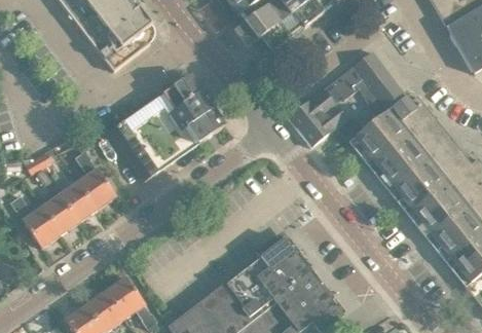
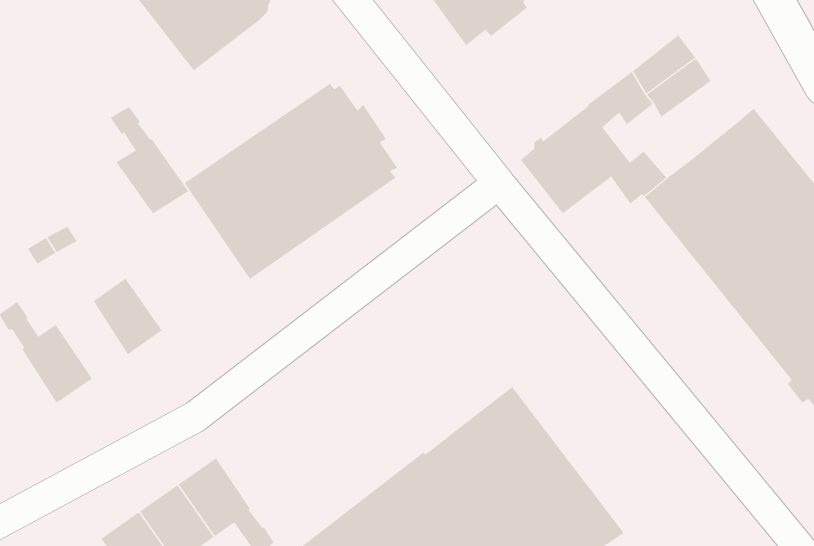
building: [363,76,405,119] -> none
building: [75,151,117,209] -> [110,106,189,214]
building: [41,193,79,234] -> none

